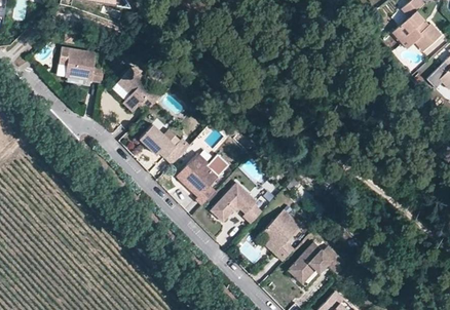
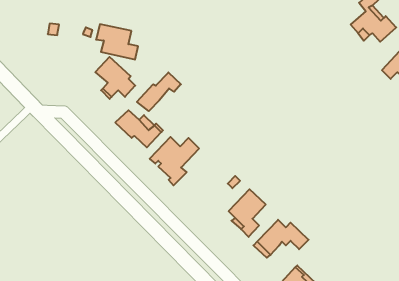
building: [62,46,107,84] -> [96,24,138,60]
building: none -> [137,72,181,111]
building: [211,183,262,224] -> none

